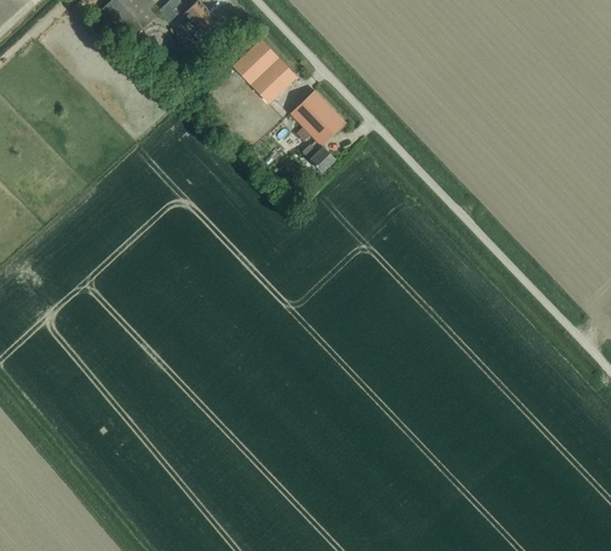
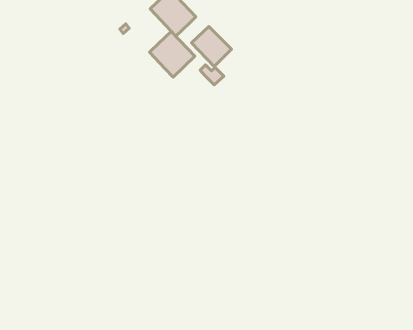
building: none -> [150,31,195,77]

